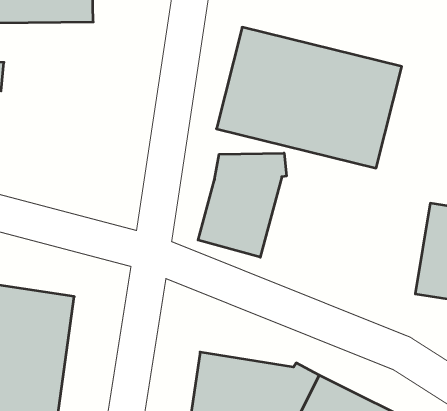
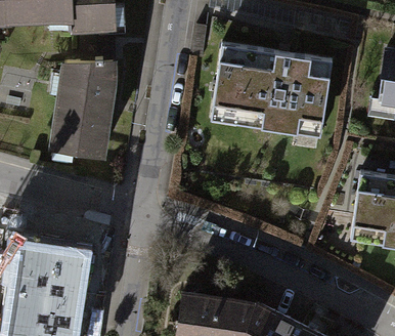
building: none -> [46,60,120,164]
building: [198,153,286,257] -> none

